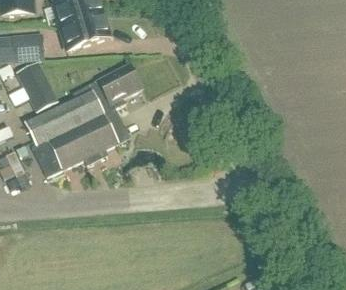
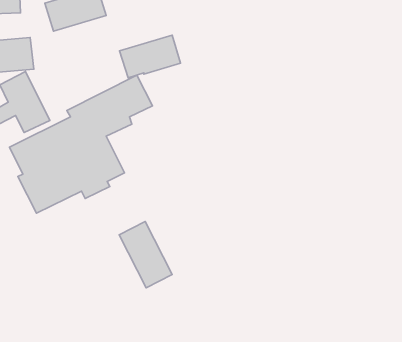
building: [60,14,110,49] -> [119,35,181,78]
building: none -> [119,221,172,288]

